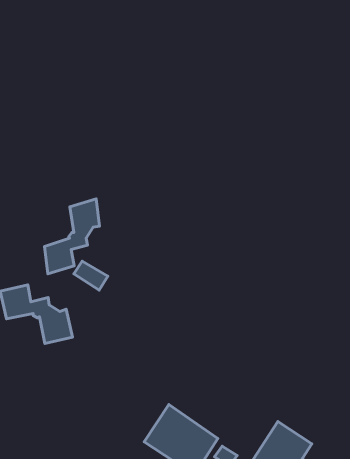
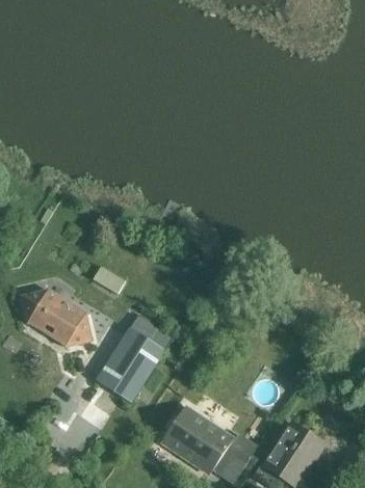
building: [45,199,100,274] -> none
building: none -> [96,326,164,402]

